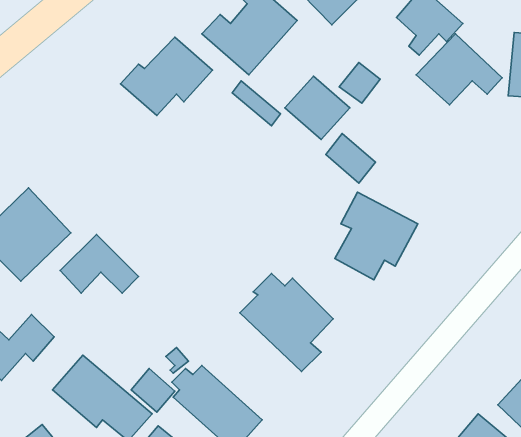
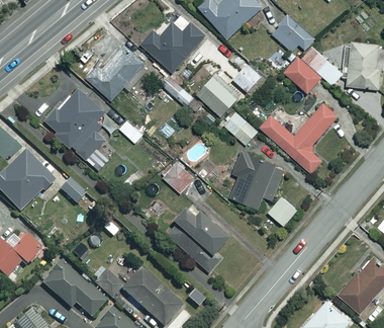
building: none -> [46,84,111,170]
building: none -> [259,101,337,172]
building: none -> [162,161,194,193]
building: none -> [268,196,296,225]

